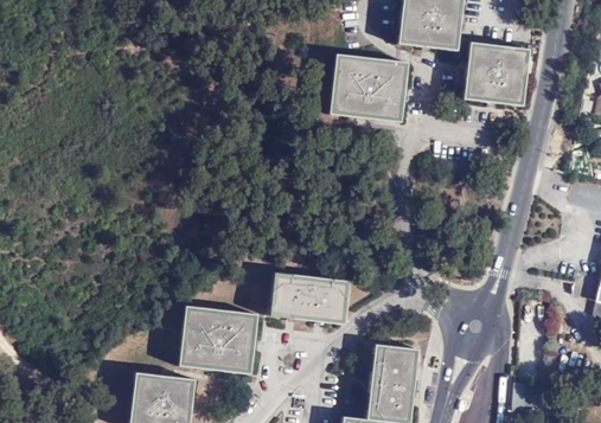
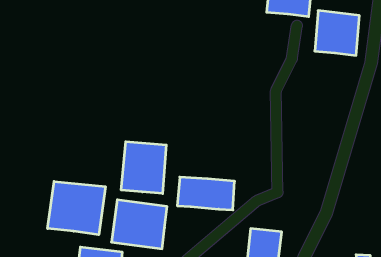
building: [331,55,409,121] -> none
building: none -> [121,142,166,194]
building: none -> [48,181,105,235]

